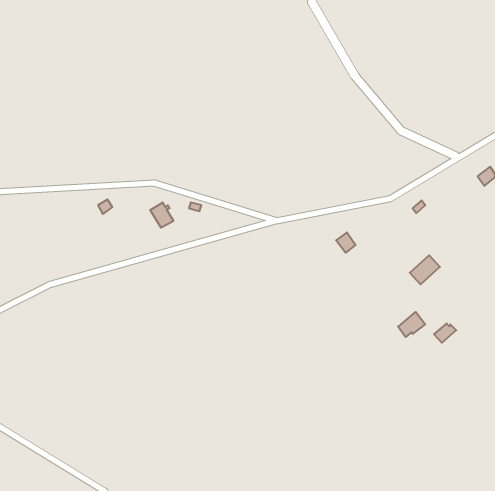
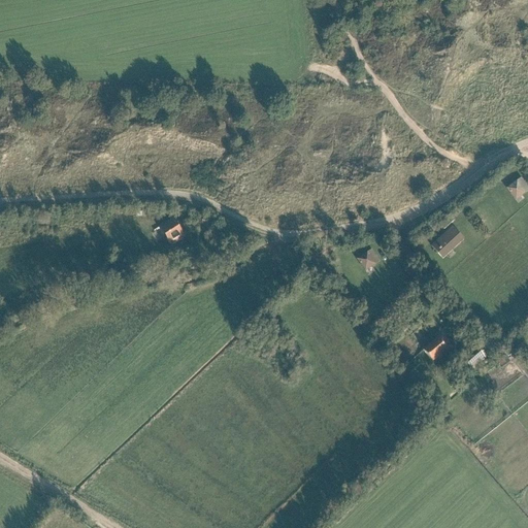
building: [410,255,440,284] -> [433,224,465,255]

